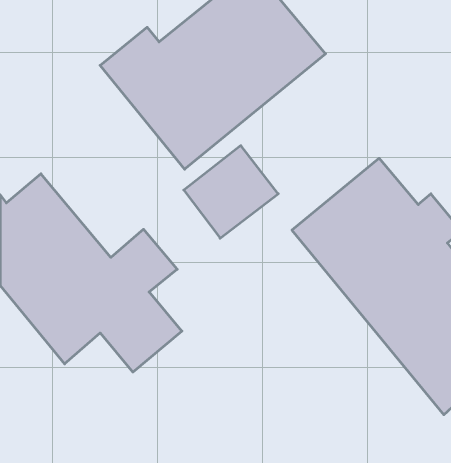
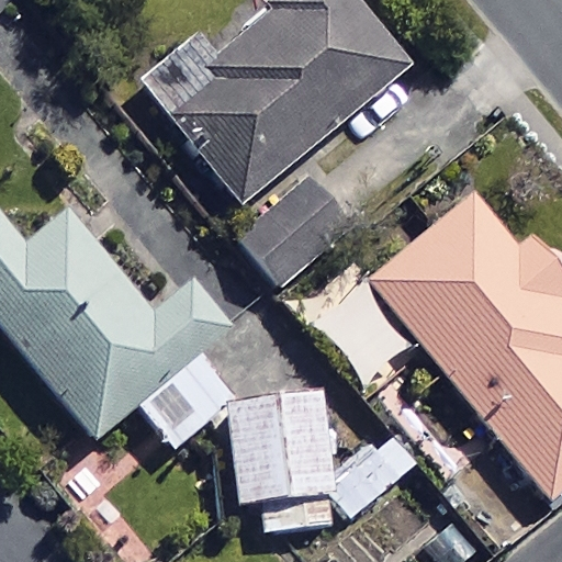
building: none -> [229,401,418,525]

